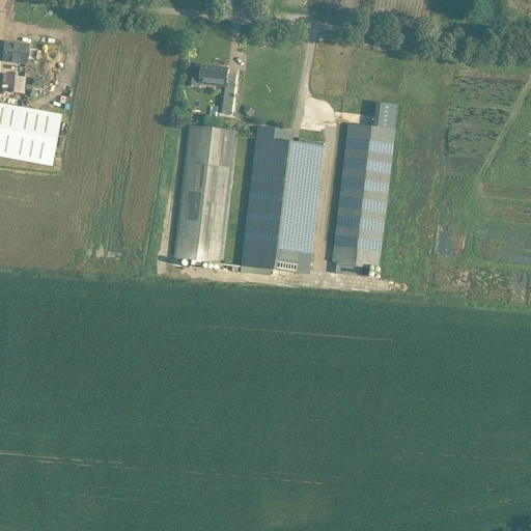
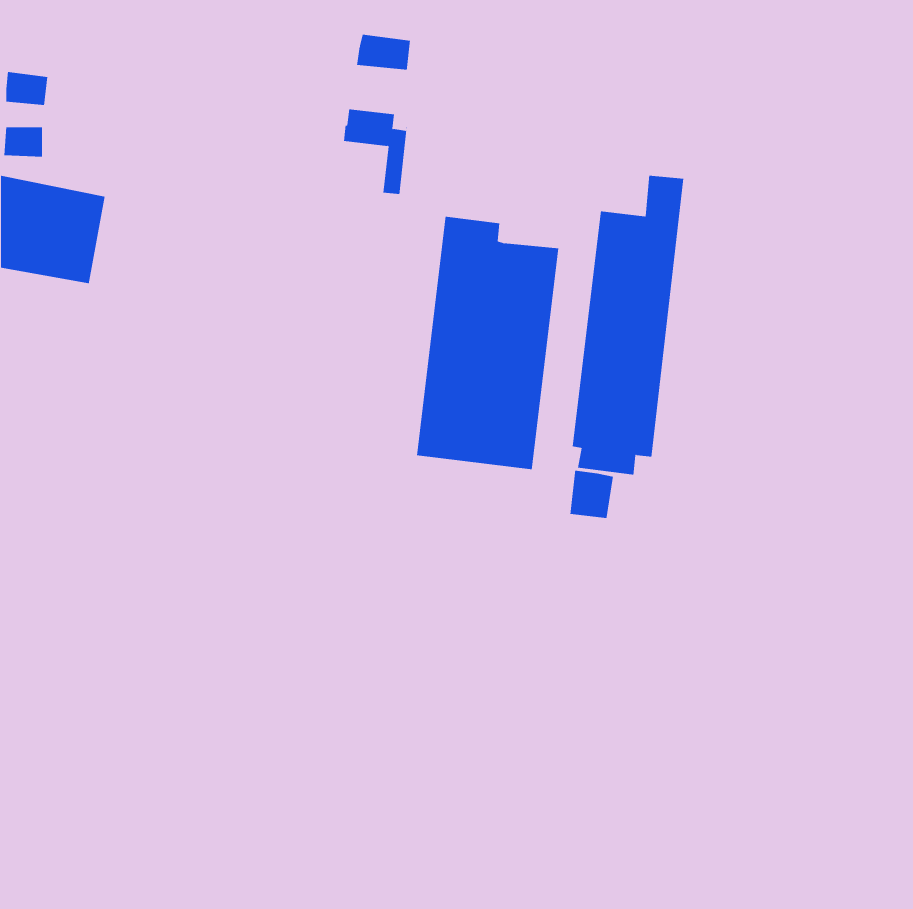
building: none -> [357,34,410,71]
building: [173,123,235,268] -> none
building: none -> [570,470,613,519]

